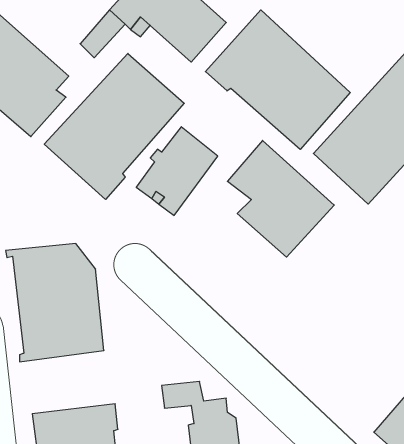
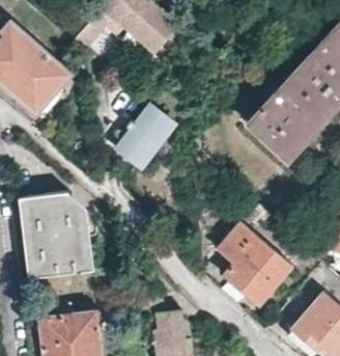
building: [205,10,350,149] -> none
building: [44,53,184,199] -> none
building: [227,140,334,257] -> [215,219,293,305]

